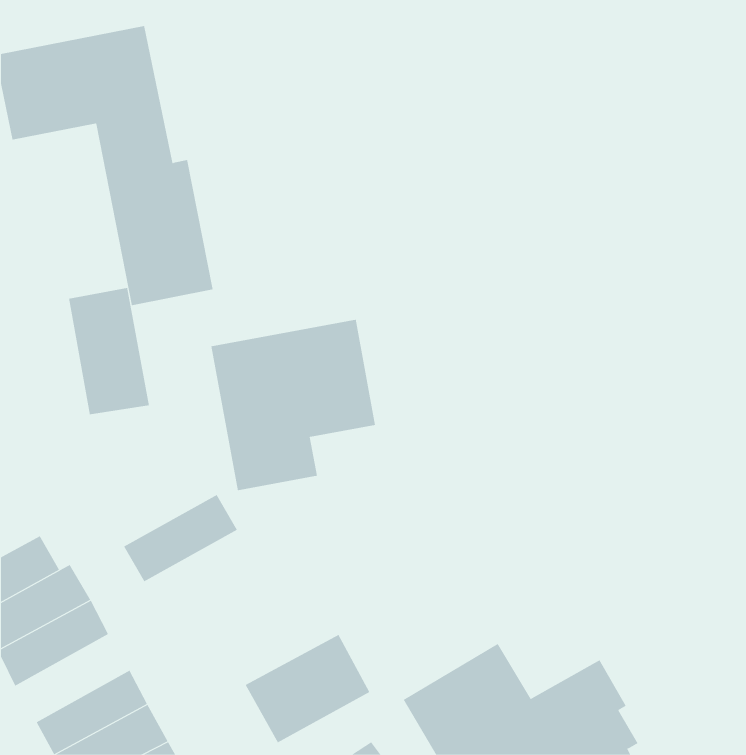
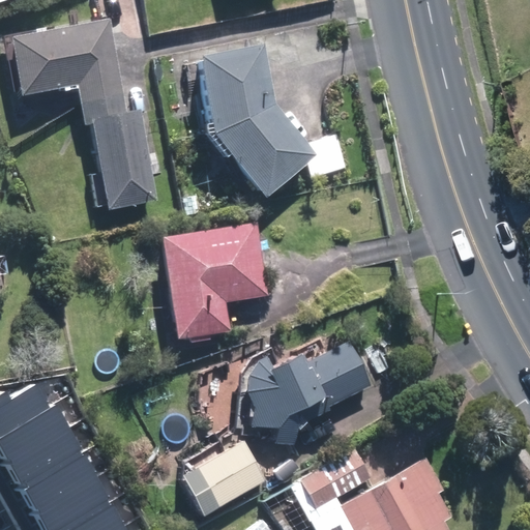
building: none -> [190,48,313,202]
building: [69,287,149,415] -> none
building: none -> [241,338,378,447]
building: [123,494,238,582] -> [22,440,101,501]

